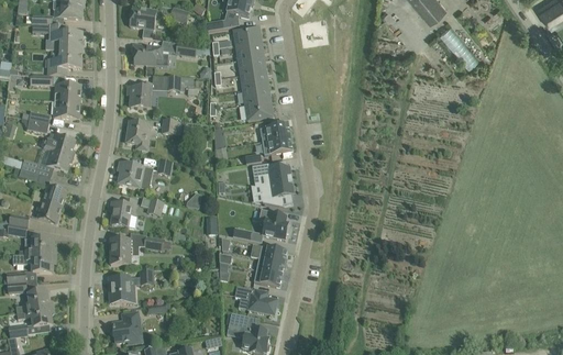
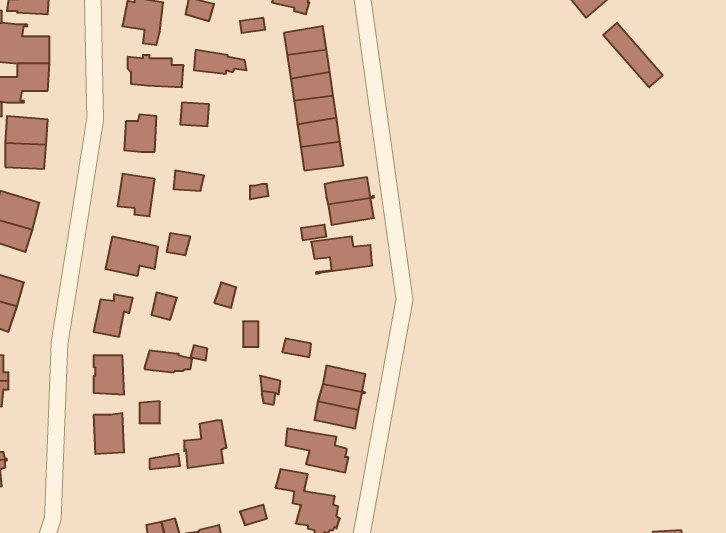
building: [258,180,292,206] -> none
building: [257,208,289,238] -> none
building: [112,311,140,342] -> [184,420,227,468]

